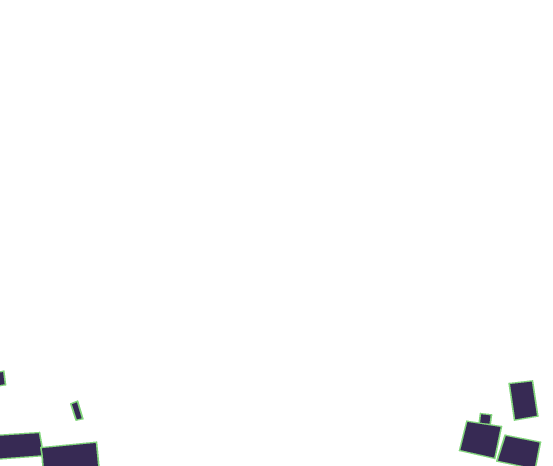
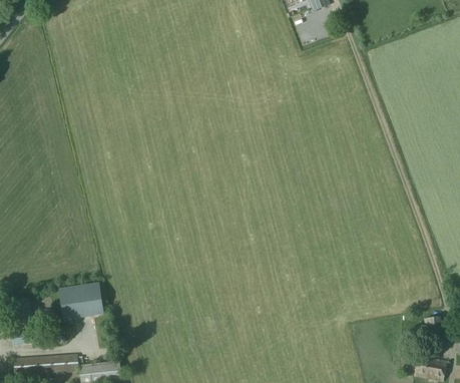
building: none -> [59,283,103,318]
building: [460,421,502,458] -> none

